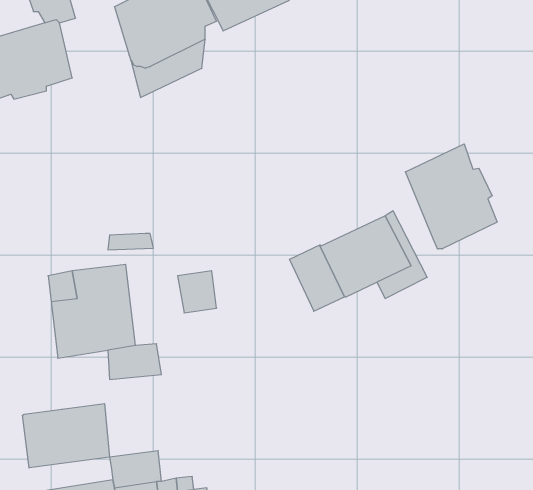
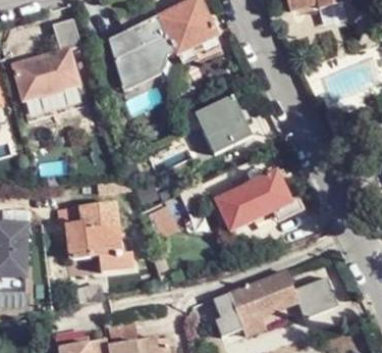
building: none -> [193,94,251,154]
building: [405,144,497,249] -> none
building: none -> [213,269,338,335]
building: [22,404,110,468] -> none

